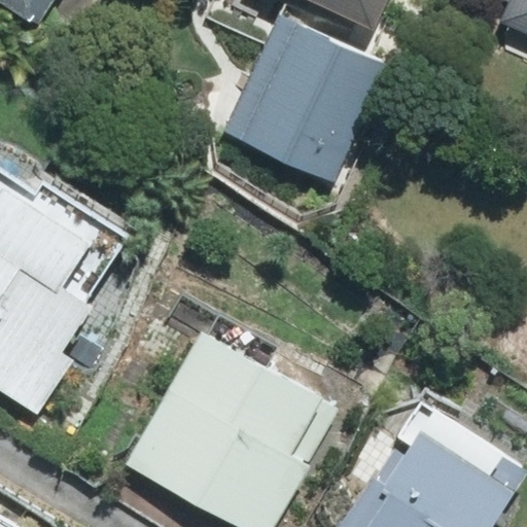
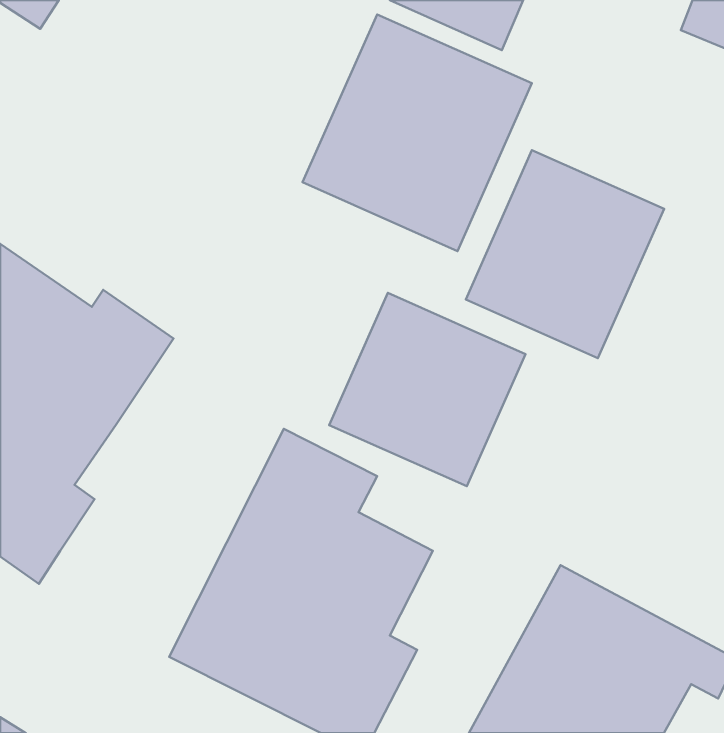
building: none -> [466,150,664,358]
building: none -> [329,293,526,486]

